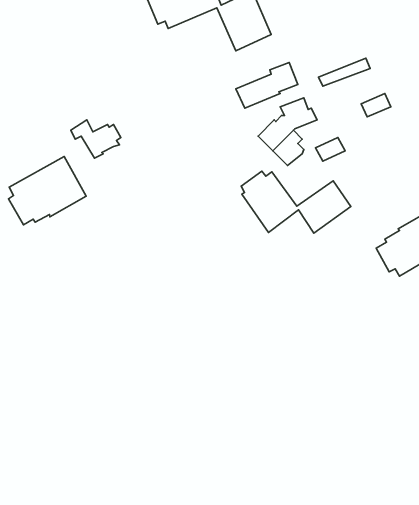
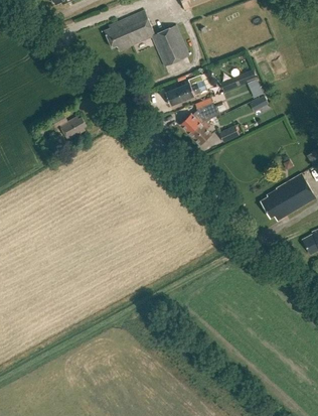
building: [8,157,86,225] -> none
building: [241,171,351,233] -> none

